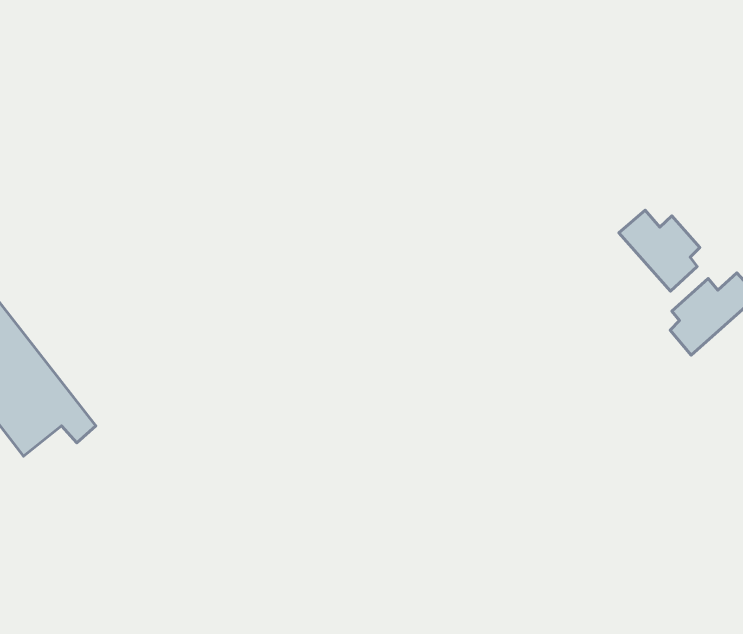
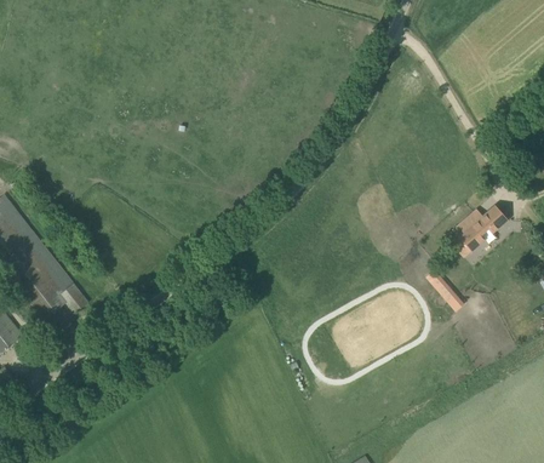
building: [619,210,700,291] -> none

